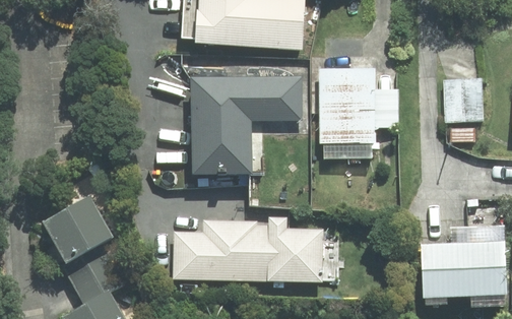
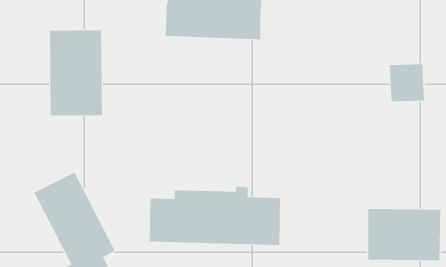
building: none -> [49,29,102,116]
building: [319,67,399,144] -> none
building: [187,77,303,178] -> none

